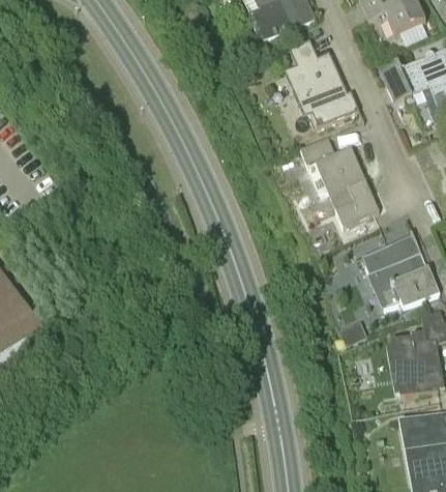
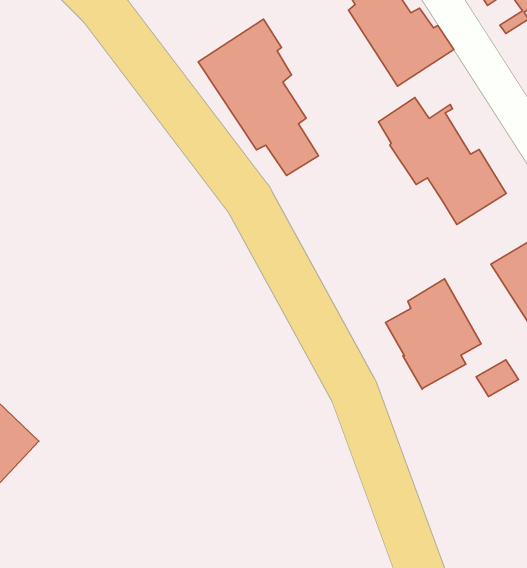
building: none -> [198,19,318,176]
building: none -> [385,279,481,389]

